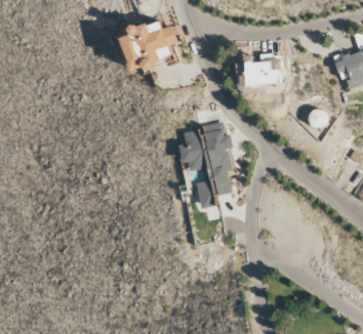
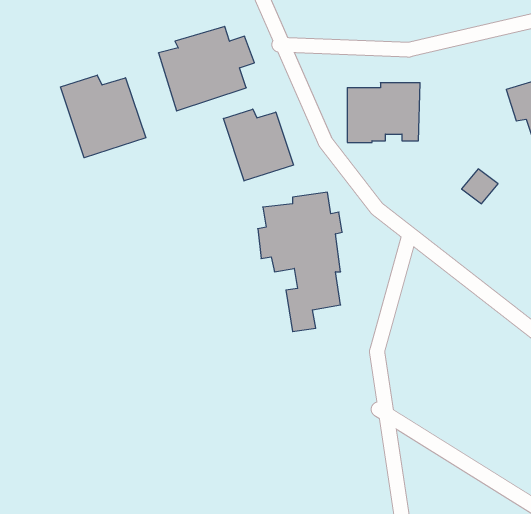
building: none -> [60,75,146,158]
building: none -> [223,109,294,181]

